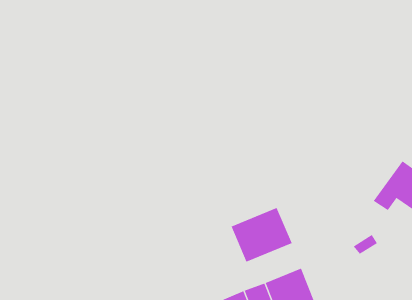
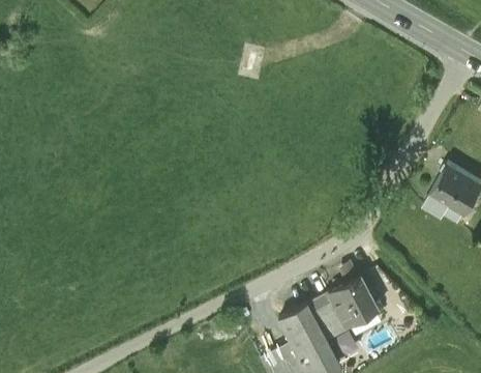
building: [231,207,292,262] -> none

